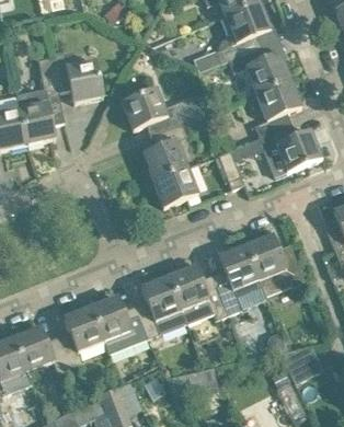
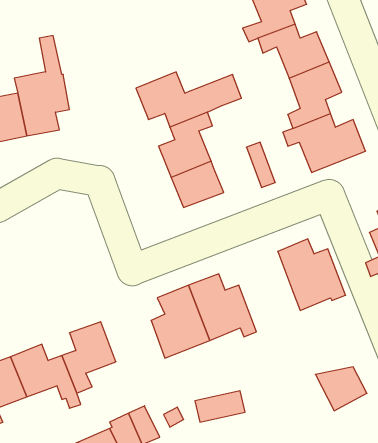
building: [49,54,102,103] -> none
building: [211,245,259,315] -> none
building: [91,296,147,354] -> none

